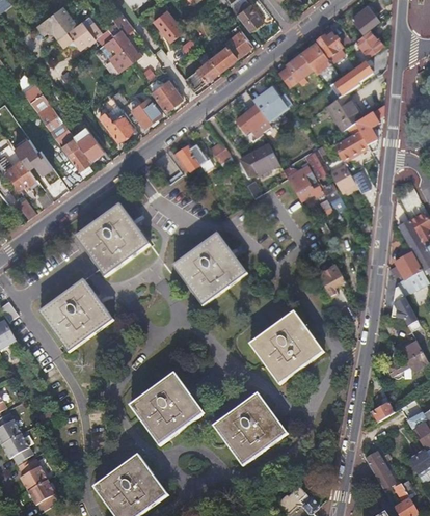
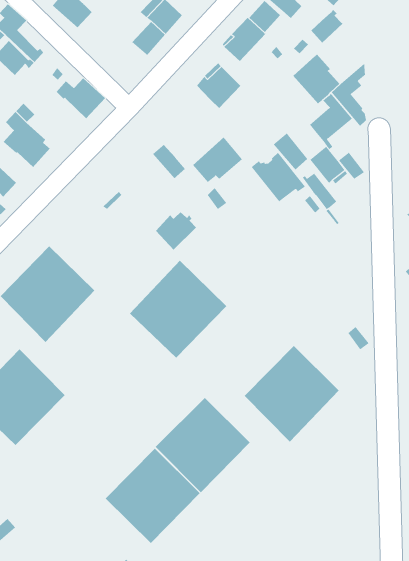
building: [184,53,220,92] -> none
building: [127,97,162,128] -> none
building: [241,113,272,142] -> none
building: [174,144,207,173] -> [155,211,197,251]
building: [317,265,345,298] -> none
building: [213,393,287,466] -> [155,397,251,493]

